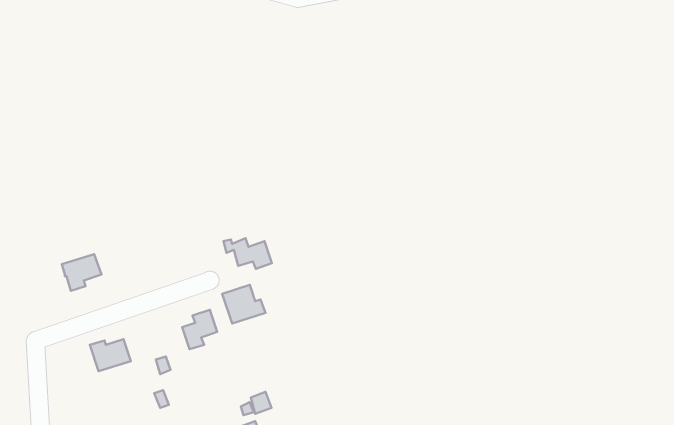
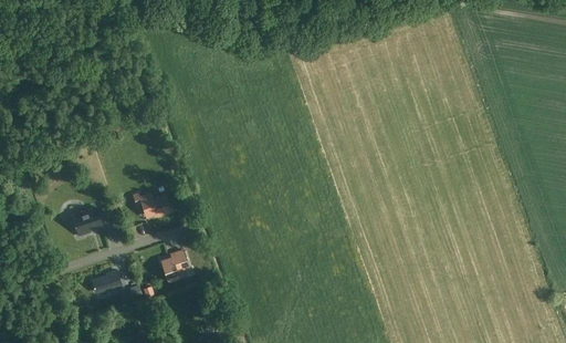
building: [223,238,272,269] -> [133,193,169,216]
building: [222,285,265,323] -> none

